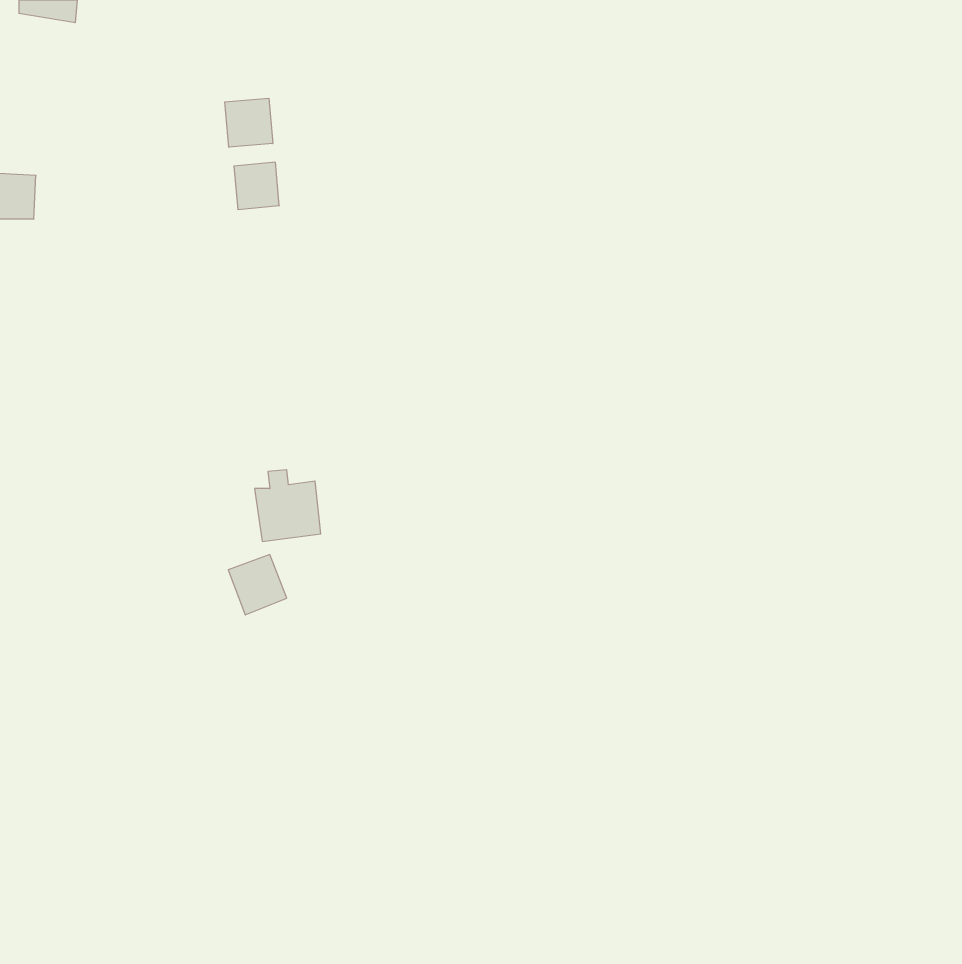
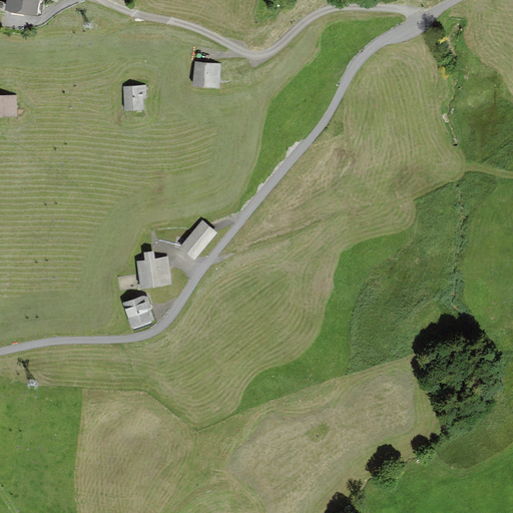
building: [225,98,273,147] -> none
building: none -> [195,60,225,87]
building: none -> [178,219,214,258]

